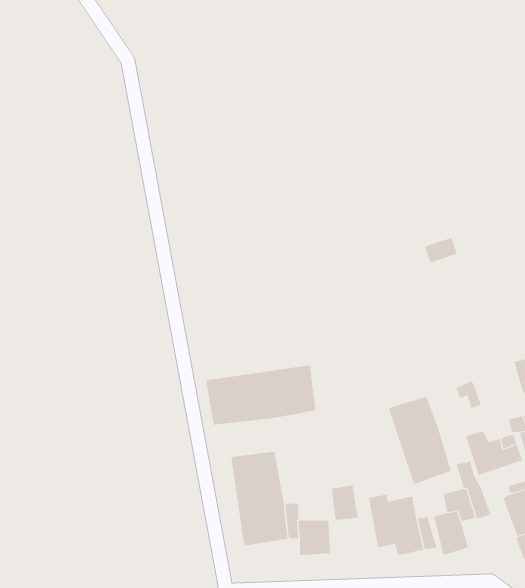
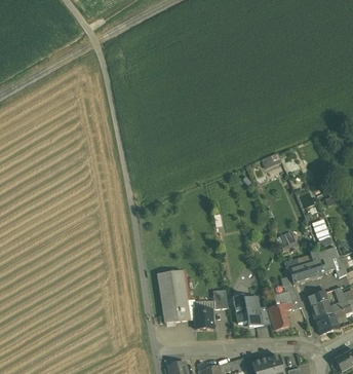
building: [206,364,316,426] -> none
building: [388,396,451,485] -> none

